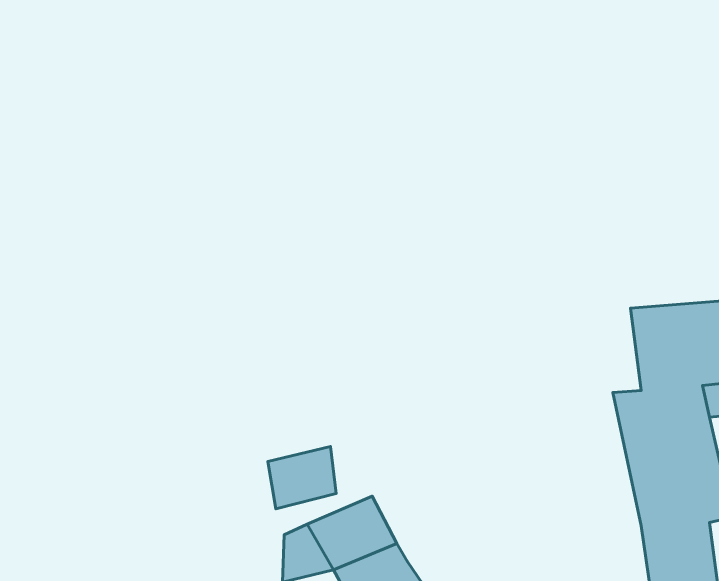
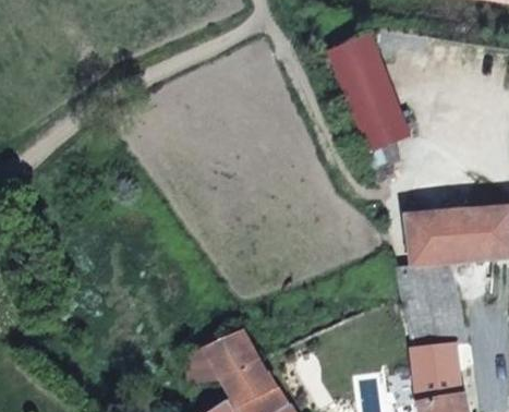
building: none -> [328,33,410,150]
building: [268,446,336,509] -> none

